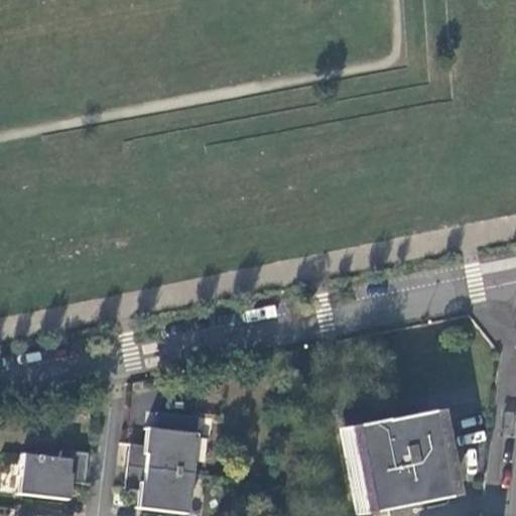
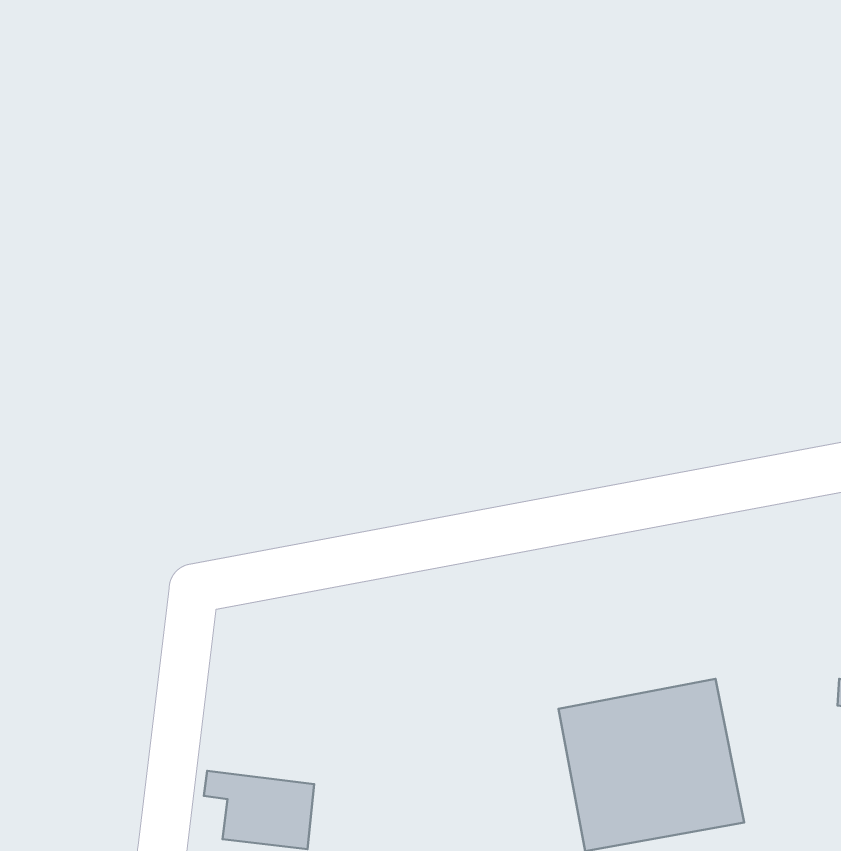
building: [133,426,203,473] -> none
building: [23,453,93,499] -> none

